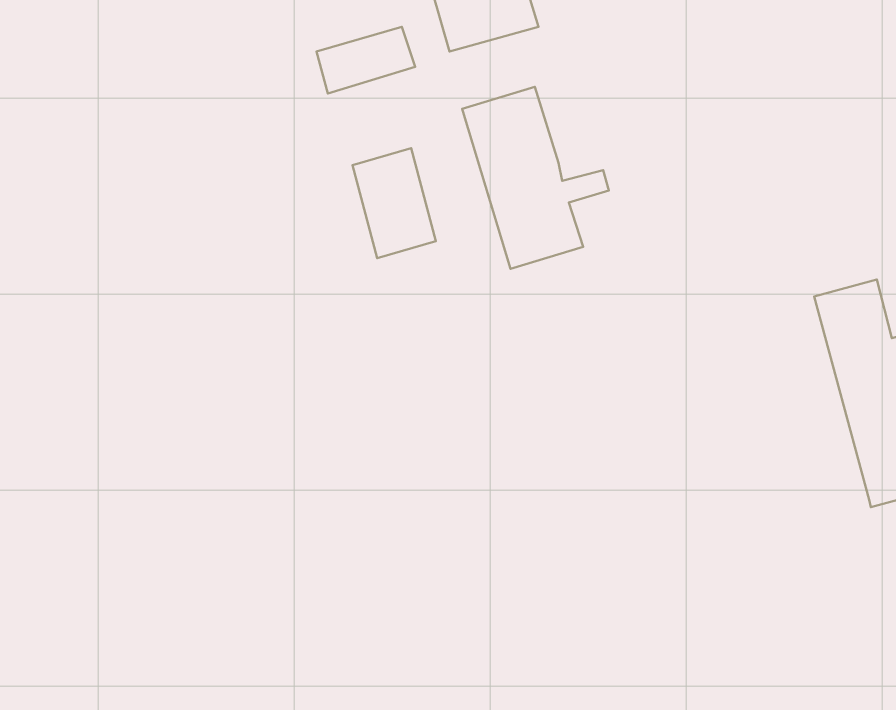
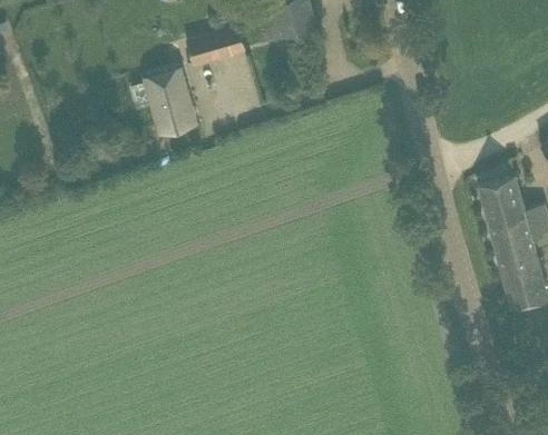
building: [462,87,609,269] -> none
building: [352,148,436,258] -> [147,72,196,137]

